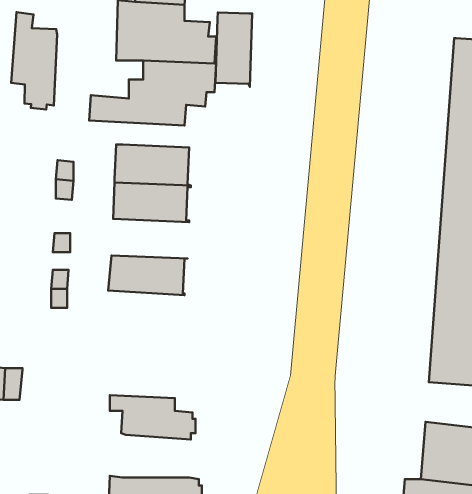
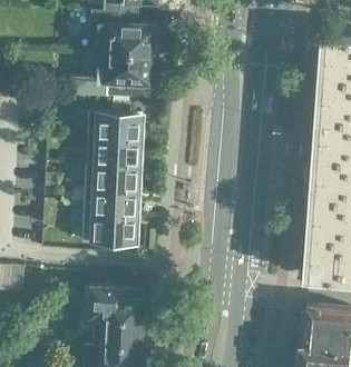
building: [11,12,57,110] -> none
building: [216,12,252,87] -> none
building: none -> [86,165,140,192]
building: none -> [84,215,137,246]
building: none -> [94,316,144,346]

